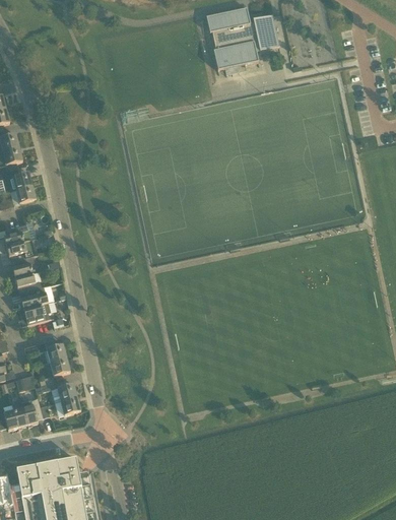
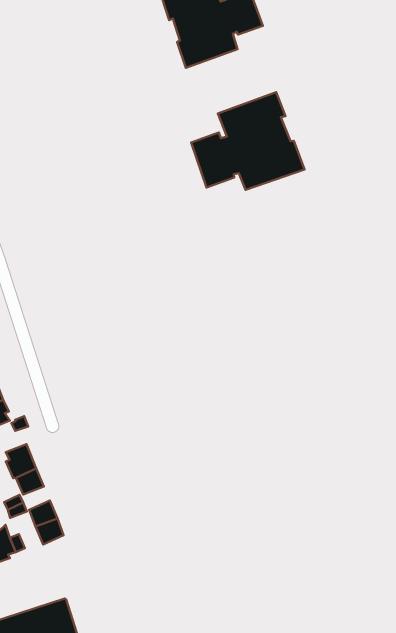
building: none -> [191,92,305,190]

